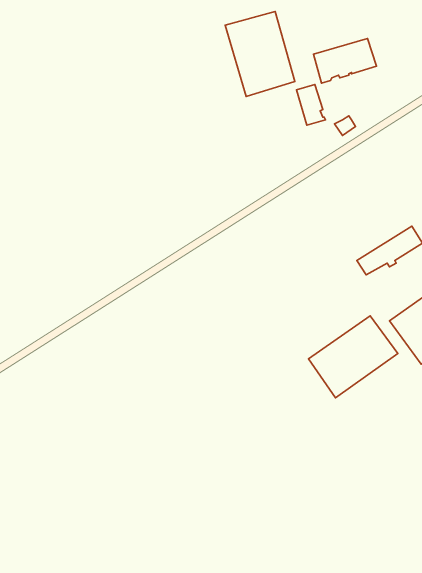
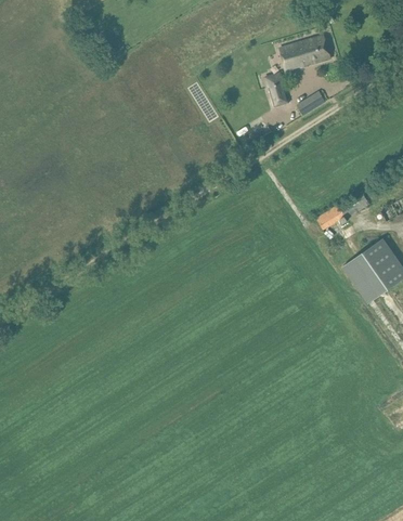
building: [225,11,295,97] -> none
building: [309,316,398,398] -> none

